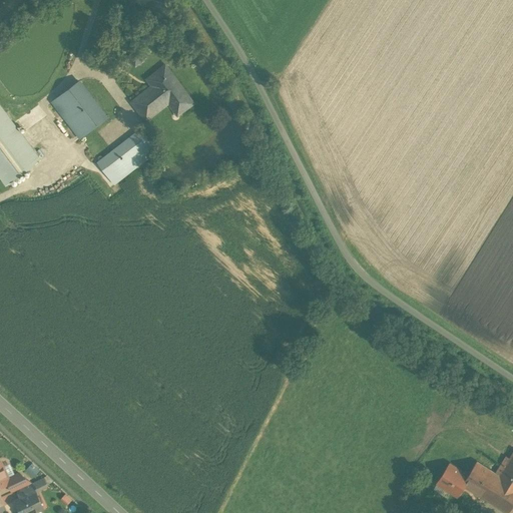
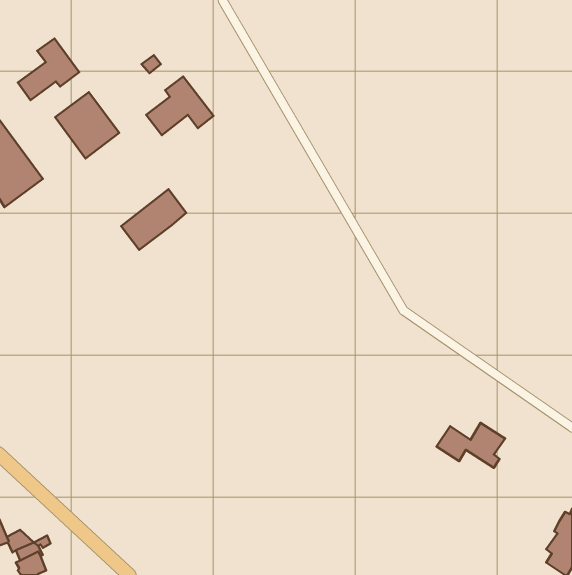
building: none -> [18,38,79,100]
building: [97,129,155,183] -> [121,189,186,250]
building: [436,461,497,501] -> [437,423,505,468]

